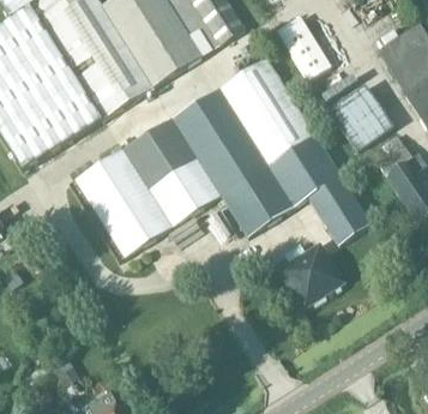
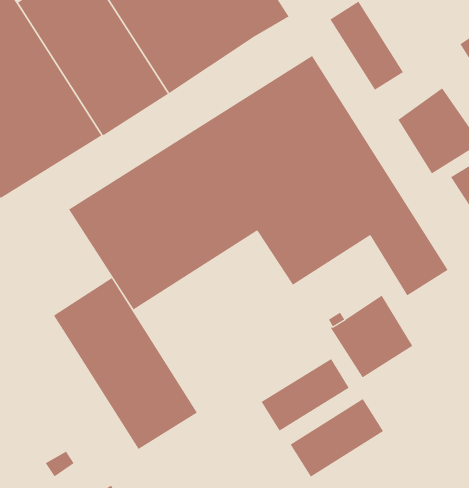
building: none -> [53,277,197,450]
building: none -> [261,358,350,431]
building: none -> [290,398,384,477]

